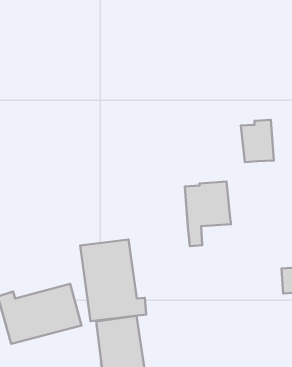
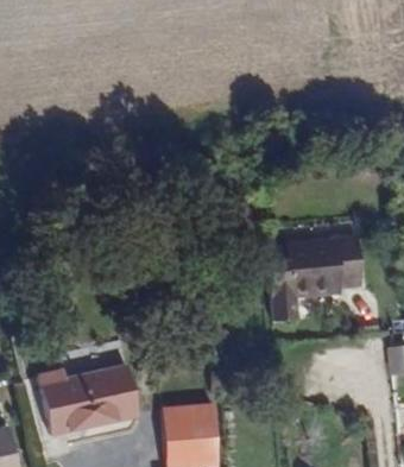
building: [241,120,274,162] -> [320,229,360,282]
building: [80,239,146,321] -> none

